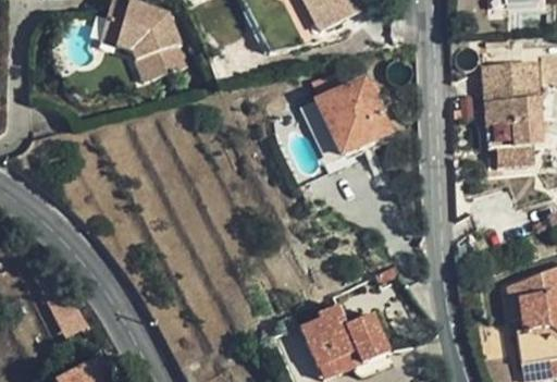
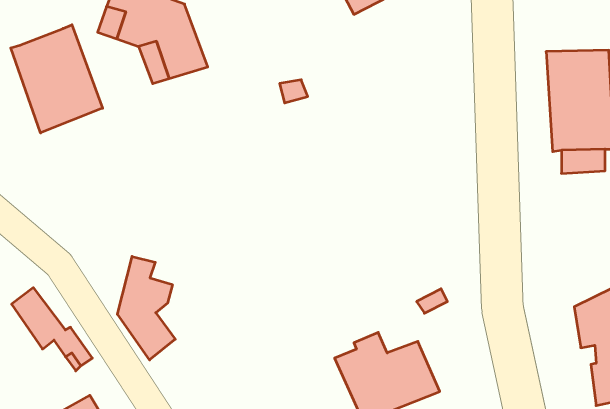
building: none -> [11,25,103,133]
building: [315,70,391,153] -> none
building: none -> [117,256,175,360]

